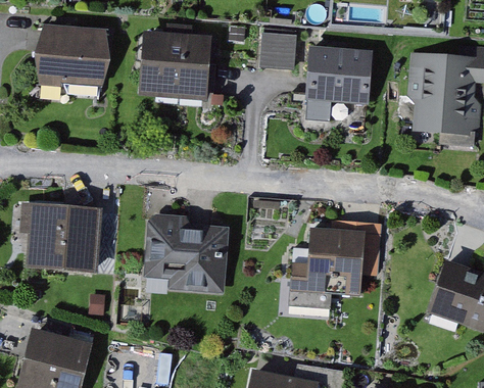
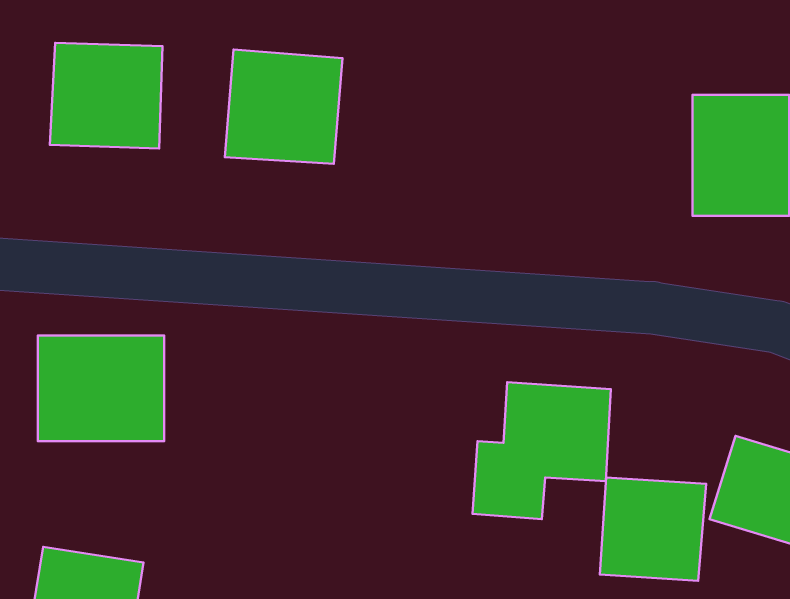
building: [256,32,292,69] -> none
building: [305,52,366,105] -> none
building: [148,221,228,283] -> none
building: none -> [600,477,706,581]

